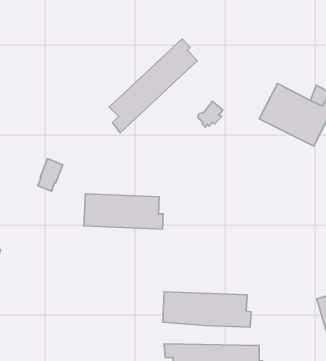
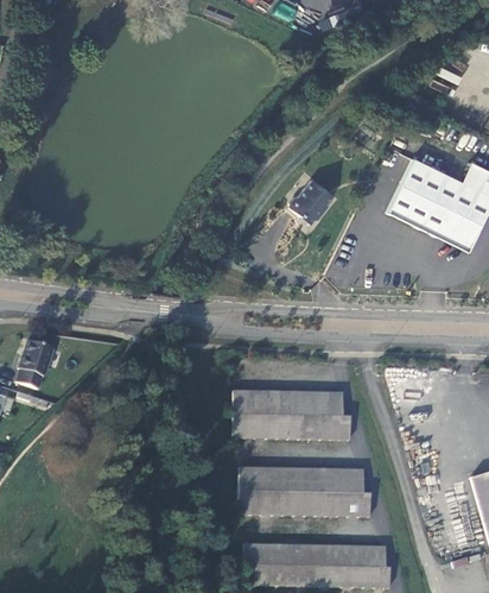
building: [109,39,197,133] -> none
building: [38,158,63,191] -> [18,339,55,387]
building: [84,194,163,229] -> [233,389,350,441]

